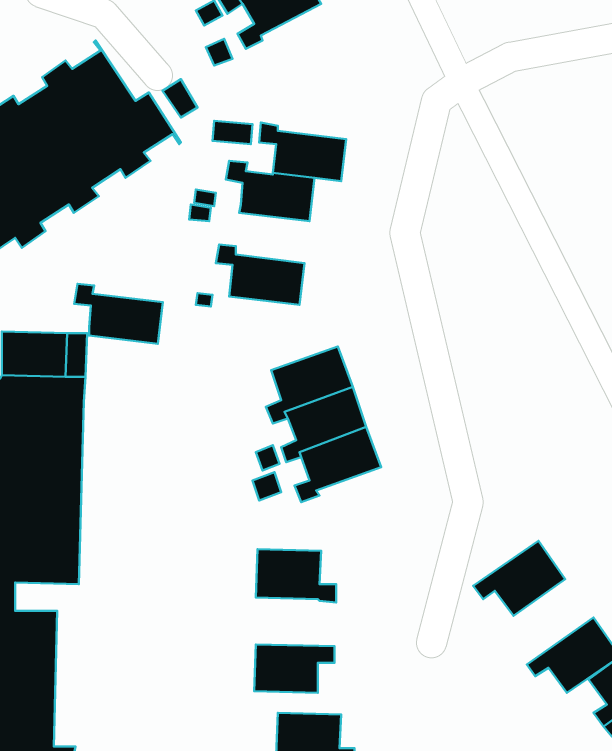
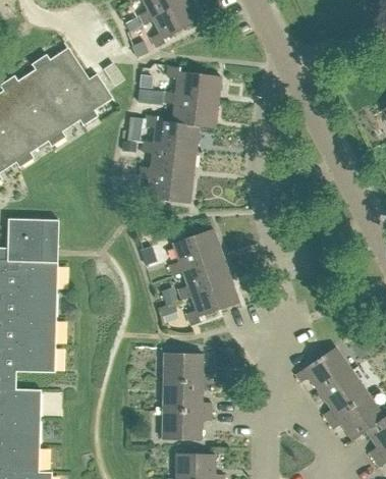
building: none -> [167,66,220,102]
building: [74,284,163,344] -> [141,141,195,177]
building: none -> [319,370,368,422]
building: none -> [162,381,210,411]

